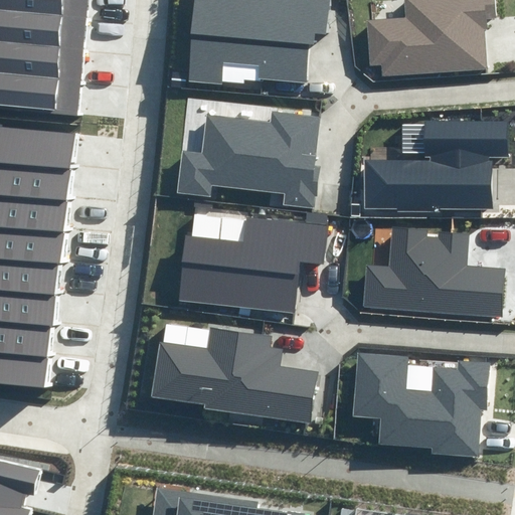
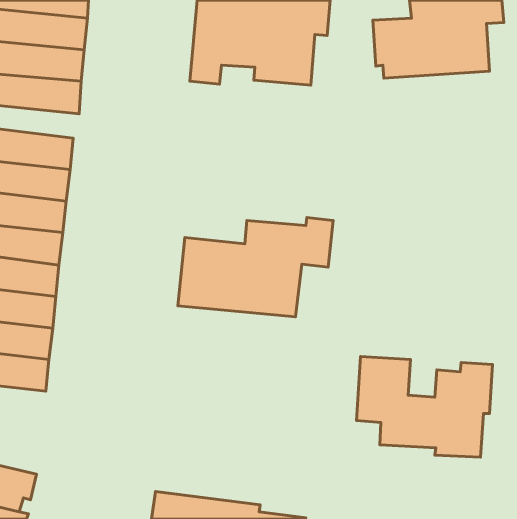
building: [175,113,317,206] -> none
building: [365,121,506,209] -> none
building: [362,227,503,314] -> none
building: [147,325,313,423] -> none

